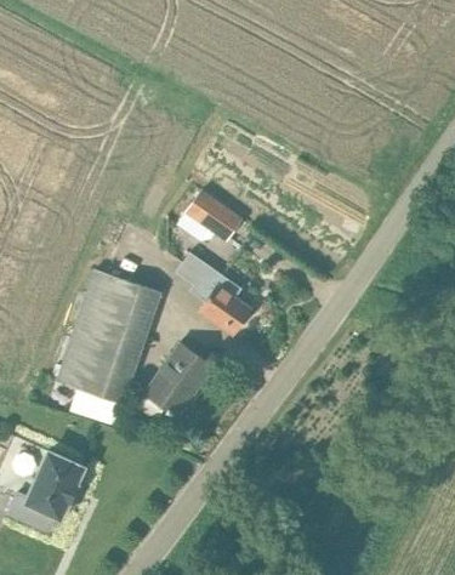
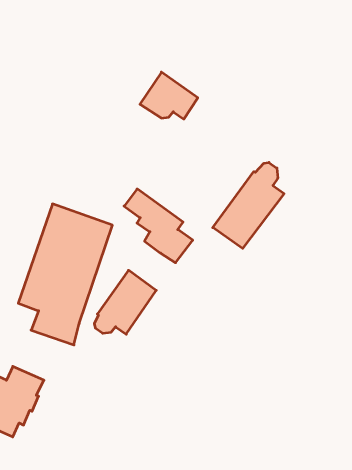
building: [177,189,243,243] -> [140,72,198,119]
building: none -> [213,162,284,248]

